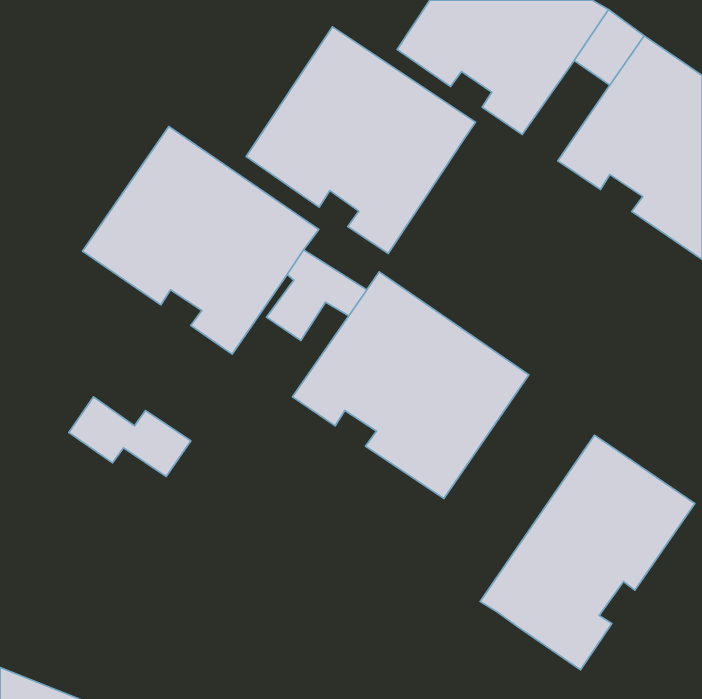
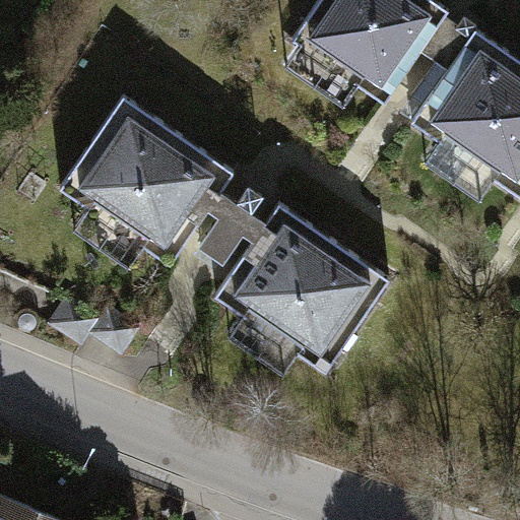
building: [246,27,475,254] -> none
building: [480,435,695,670] -> none

